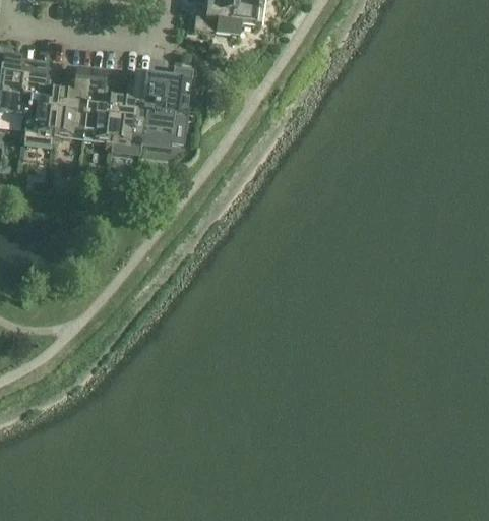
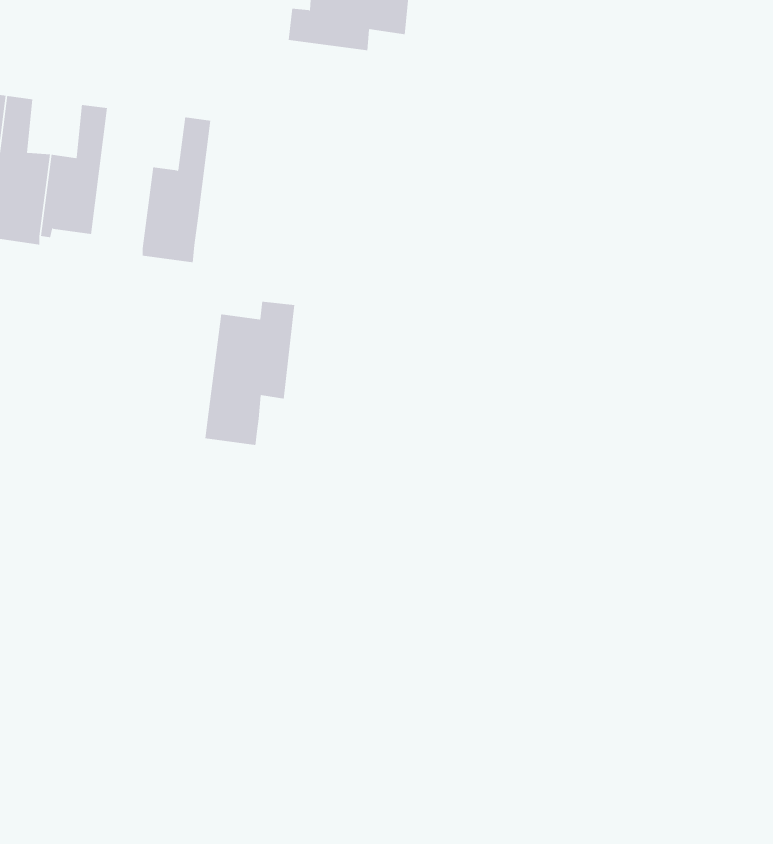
building: [83,66,118,147] -> none
building: [142,66,194,149] -> [204,301,295,446]

